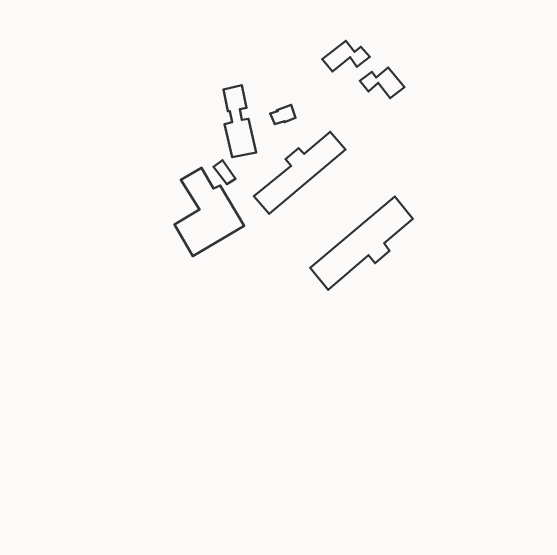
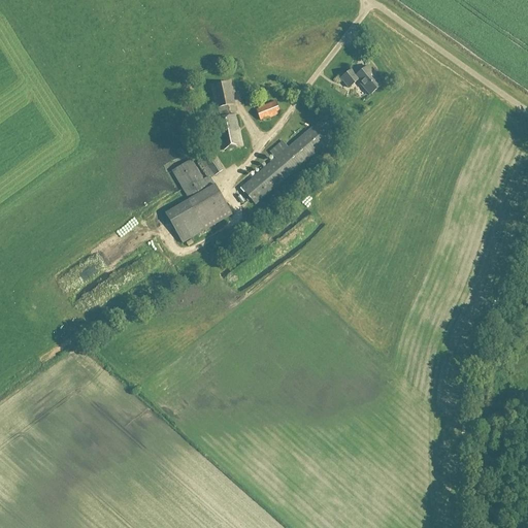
building: [322,41,370,71] -> none
building: [310,197,413,290] -> none

